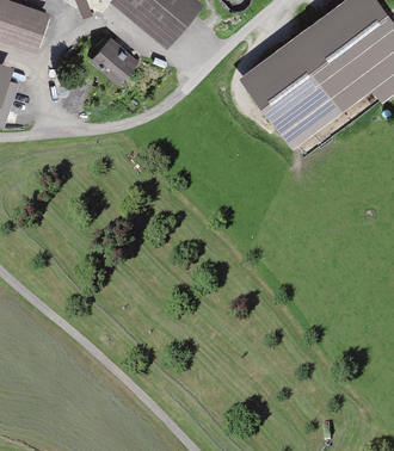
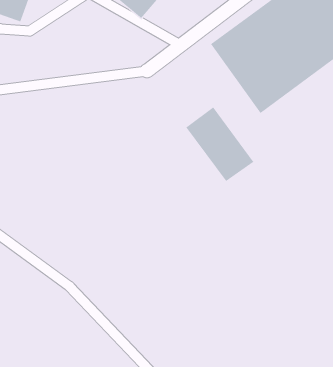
building: [88,36,142,89] -> none
building: none -> [185,107,254,182]

